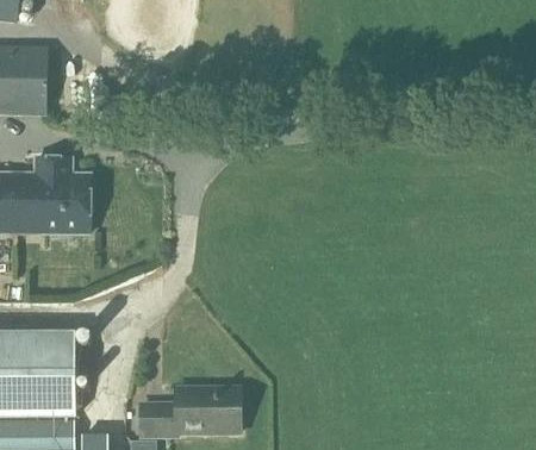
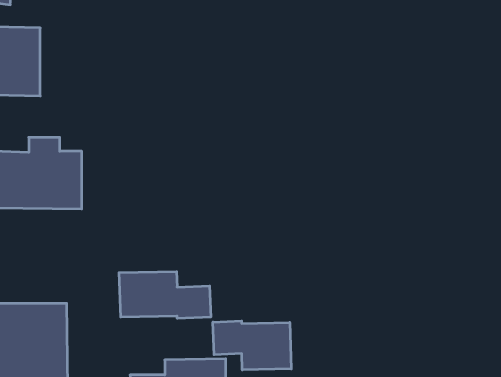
building: none -> [119,272,211,318]
building: none -> [213,321,291,370]

